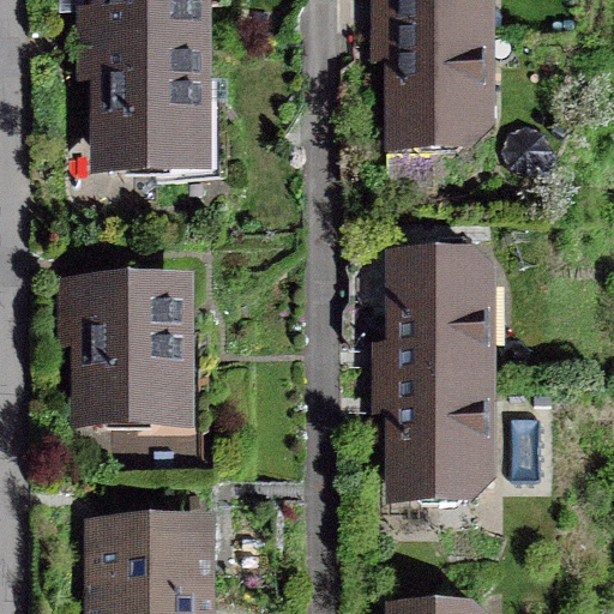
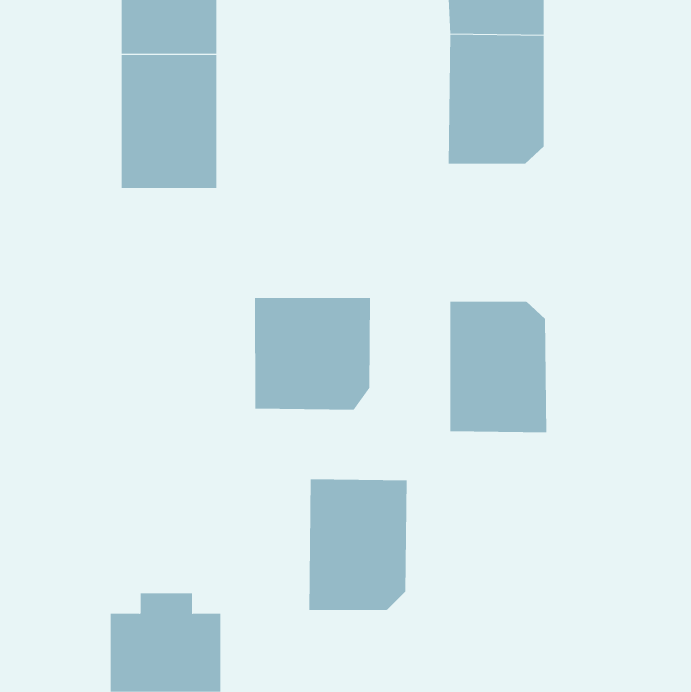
building: none -> [254,297,371,410]
building: [88,294,171,421] -> none
building: [396,381,483,498] -> [308,479,407,610]

